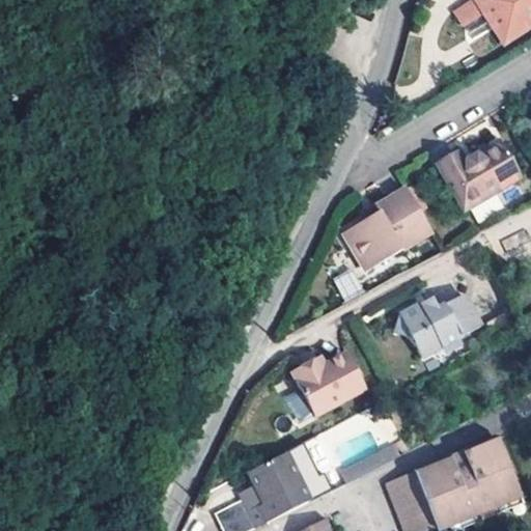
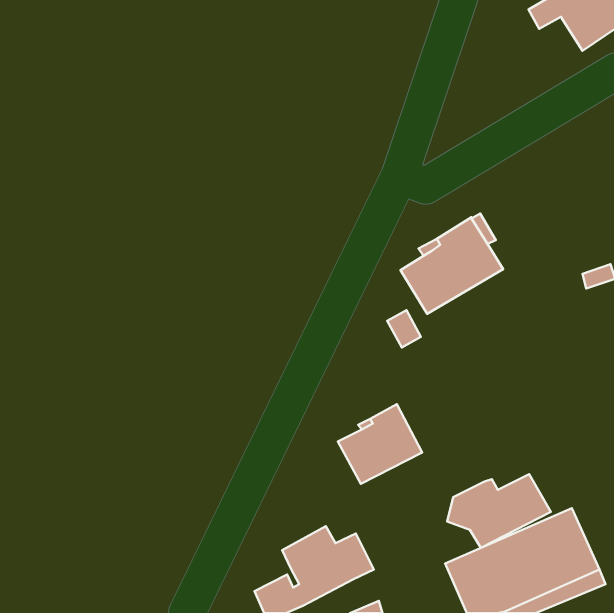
building: [437,141,520,209] -> none
building: [386,298,475,361] -> [447,474,551,548]

